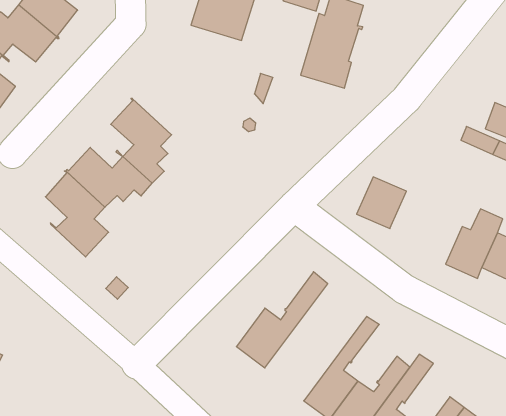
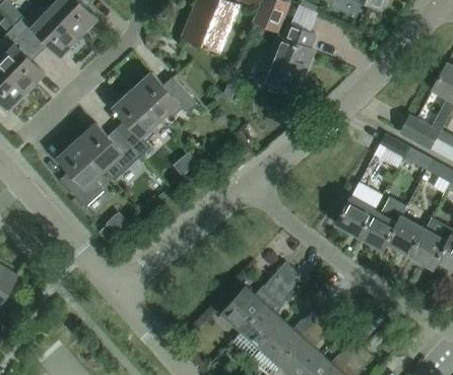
building: none -> [132,72,198,119]
building: [357,177,406,229] -> [335,196,375,237]
building: [236,272,328,368] -> [221,261,296,331]

